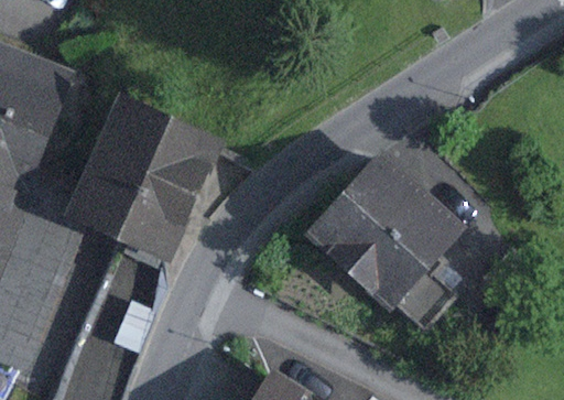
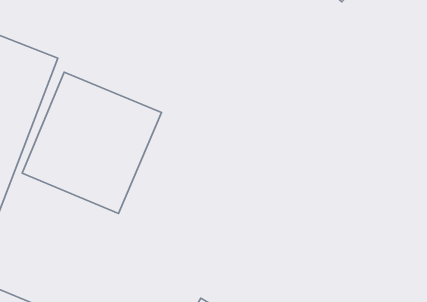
building: [297,153,459,315] -> none

